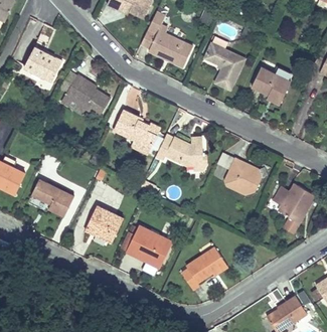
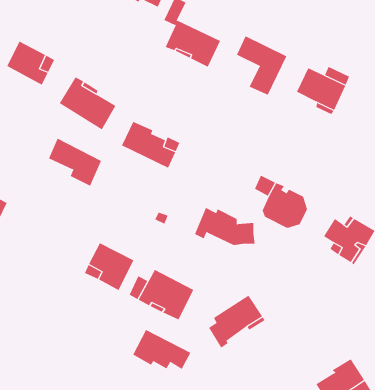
building: [155,135,203,165] -> [194,207,255,246]
building: [31,179,73,217] -> [48,138,102,186]
building: none -> [132,329,191,370]

